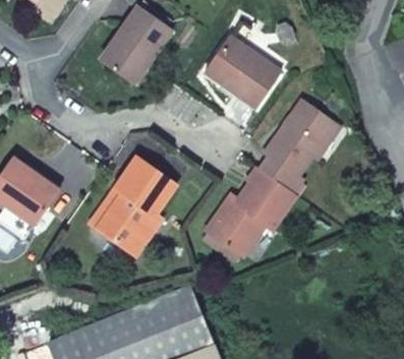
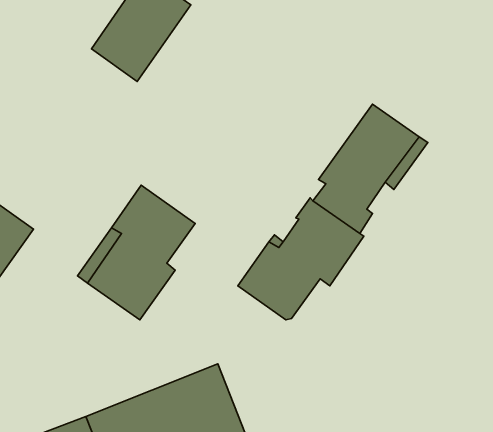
building: [204,37,279,108] -> none

